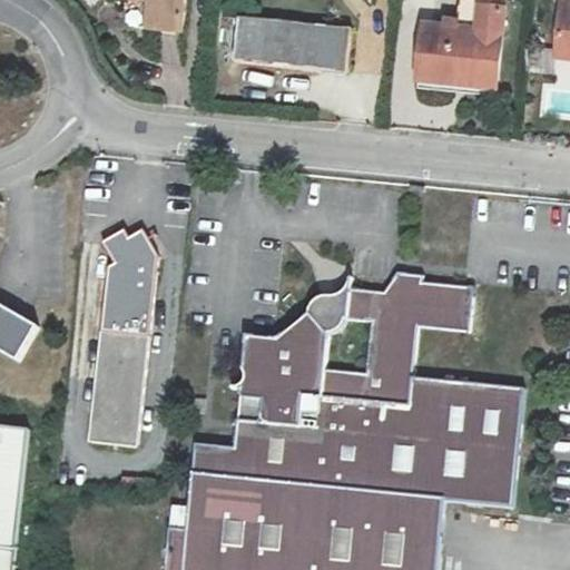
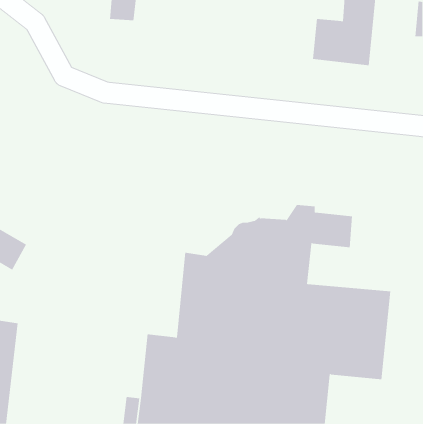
building: [233,17,348,72] -> none
building: [90,229,157,446] -> none

